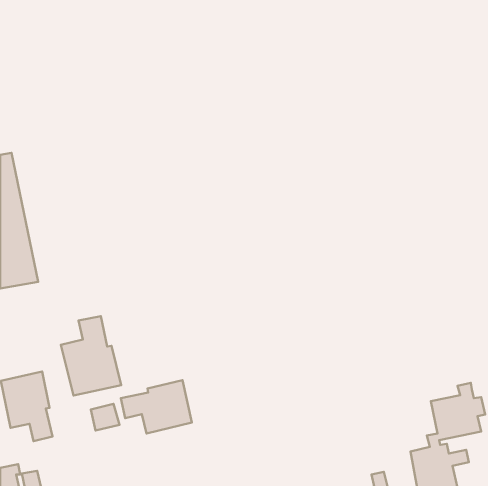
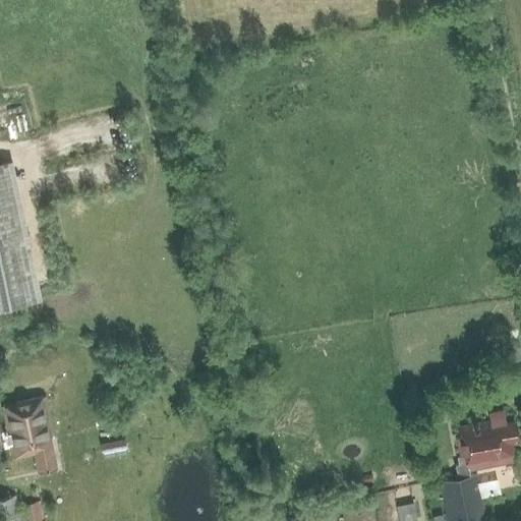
building: [61,316,121,396] -> none
building: [121,380,192,434] -> none

